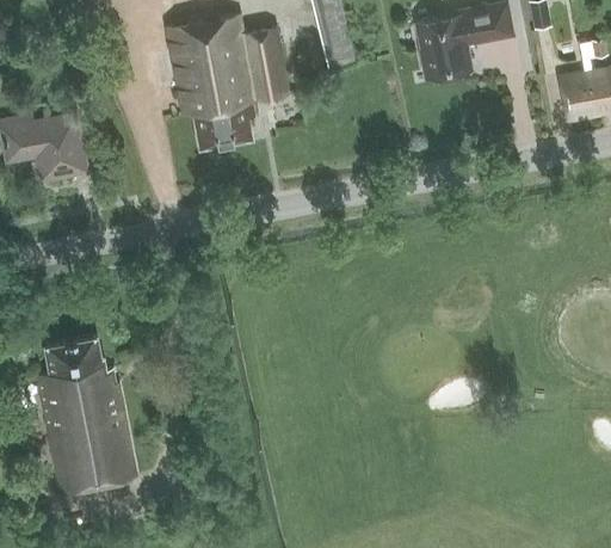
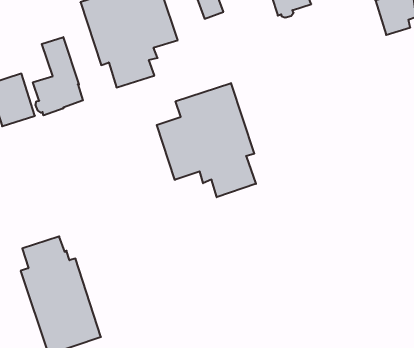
building: none -> [33,37,83,115]
building: none -> [157,83,256,197]

